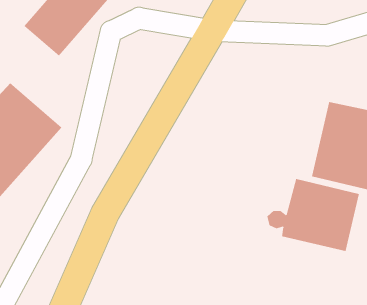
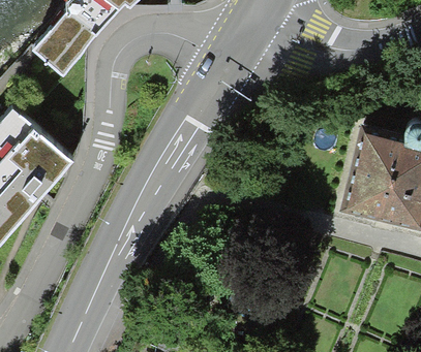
building: [267,178,359,252] -> none

